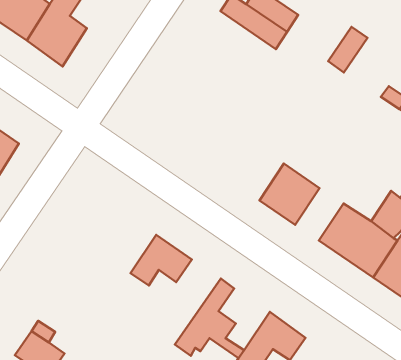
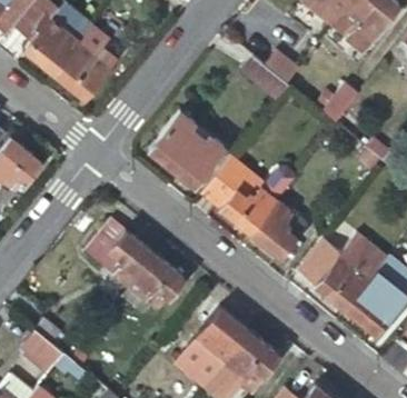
building: none -> [149,112,226,188]
building: none -> [201,157,287,232]
building: none -> [88,221,156,288]
building: none -> [206,309,251,365]

